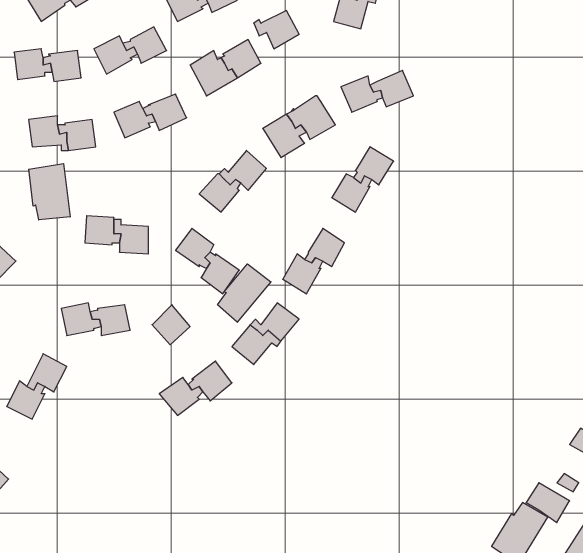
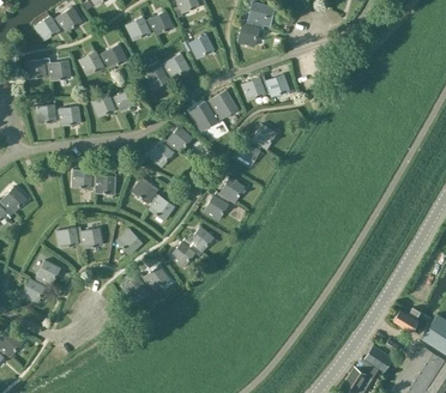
building: [29,164,70,220] -> none
building: [218,264,271,322] -> none

